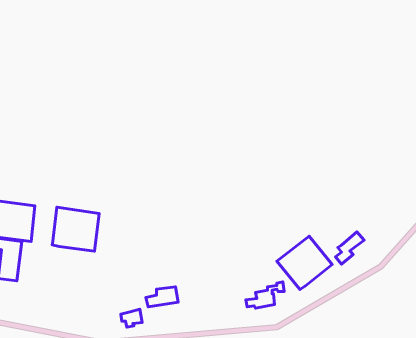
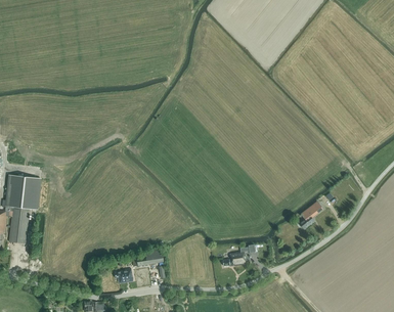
building: [52,207,99,251] -> none
building: [277,236,332,290] -> none

